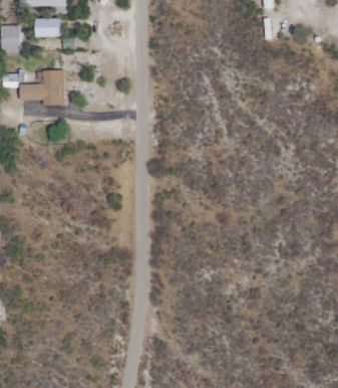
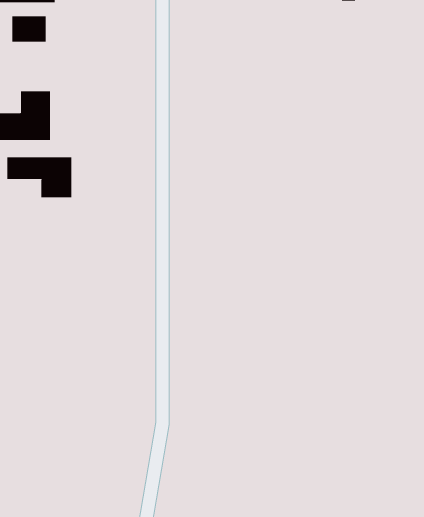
building: none -> [7,156,72,198]

